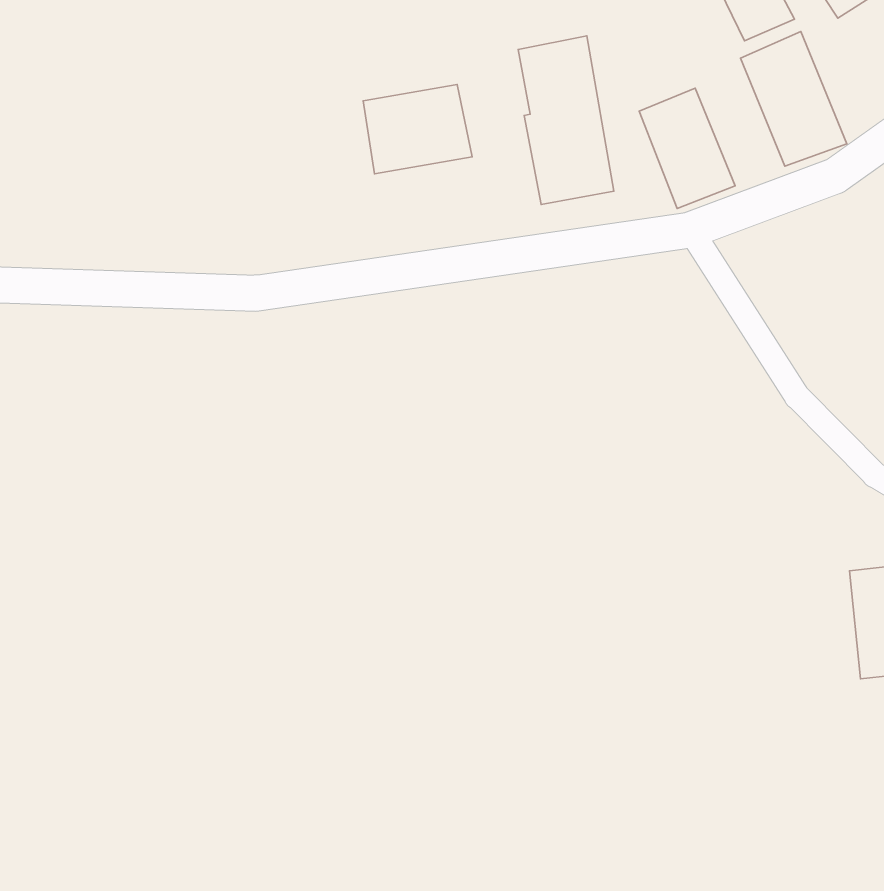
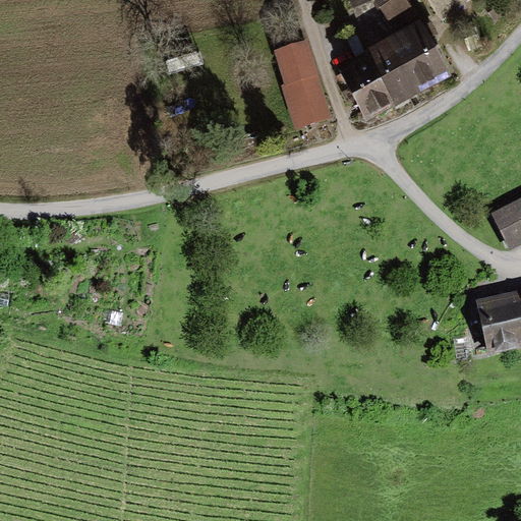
building: none -> [364,39,418,105]
building: [363,85,472,174] -> none

